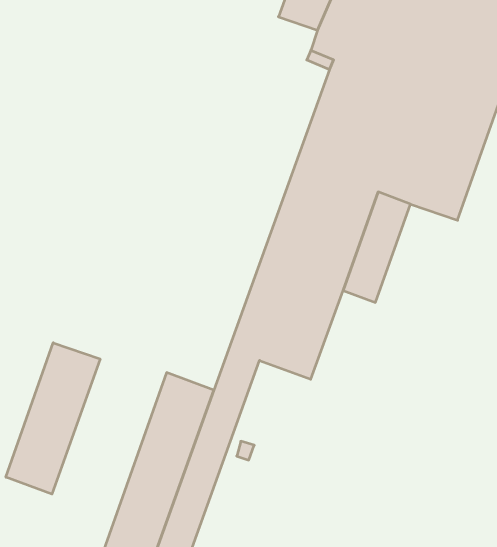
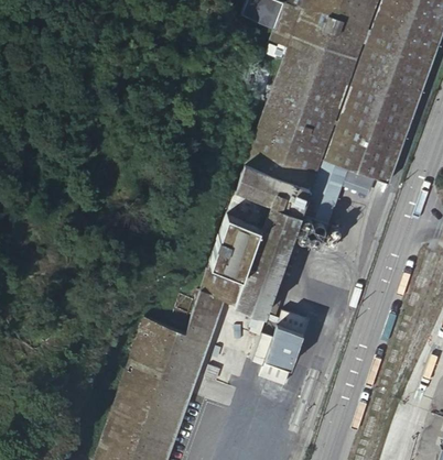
building: [6,343,100,494] -> none
building: none -> [255,317,306,366]

